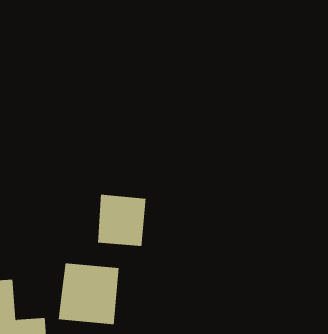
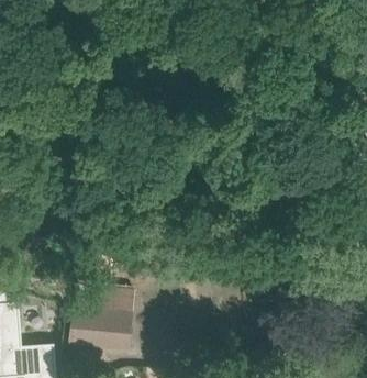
building: [98,194,146,247] -> none

